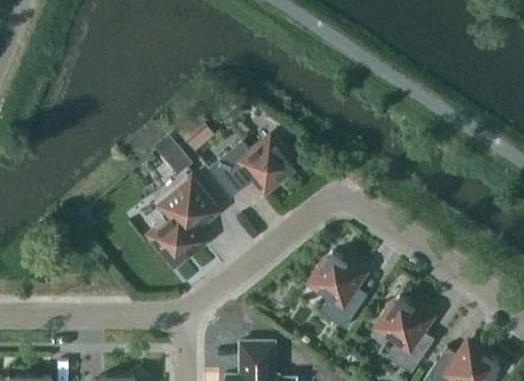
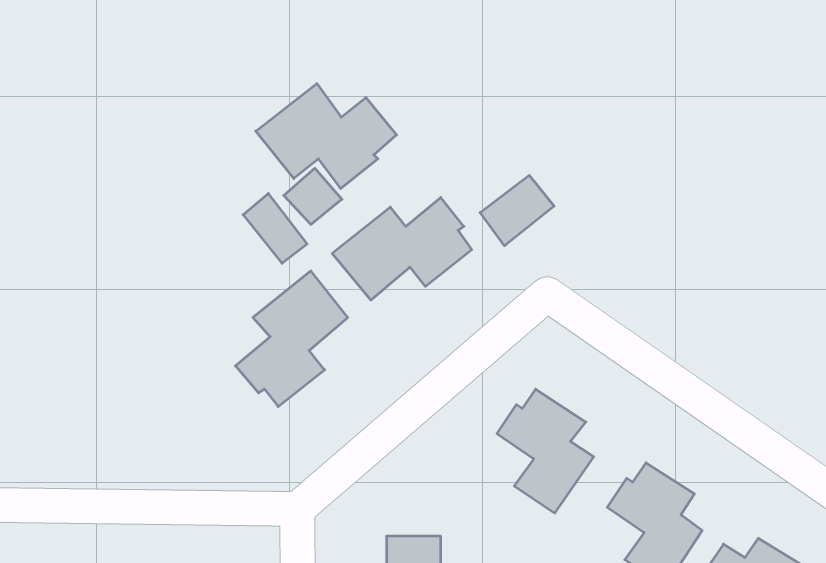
building: none -> [256,84,397,189]
building: none -> [480,175,554,246]

